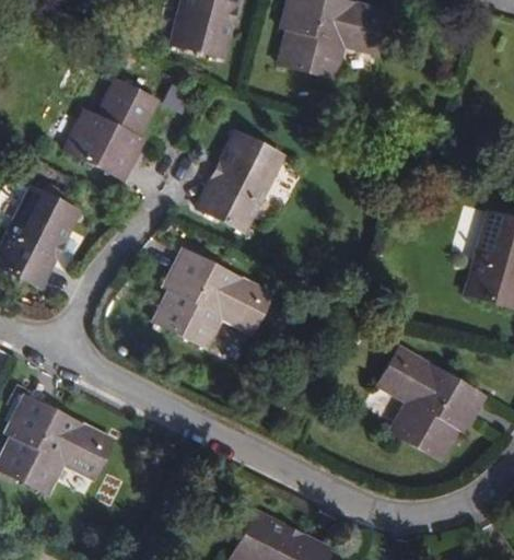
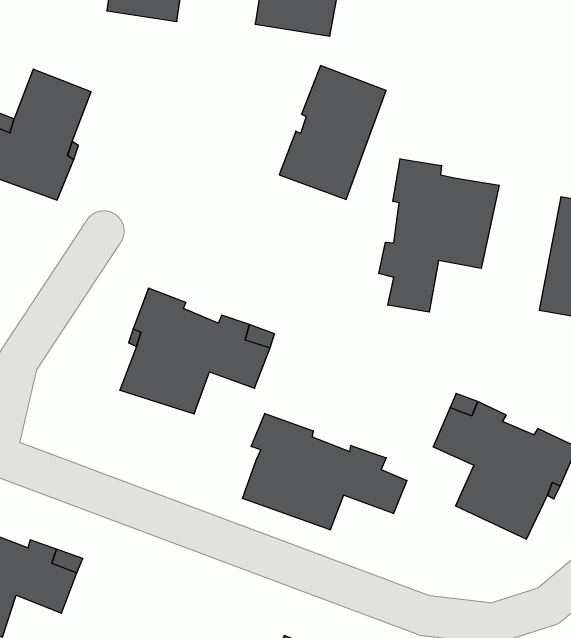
building: [197,130,281,230] -> [279,66,386,199]
building: none -> [379,159,499,312]
building: none -> [243,413,407,530]

